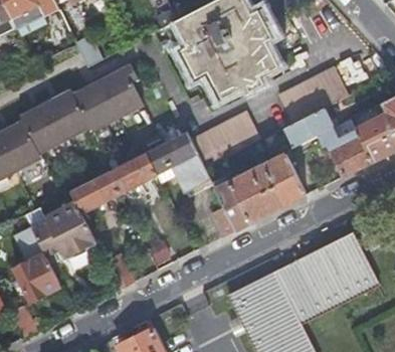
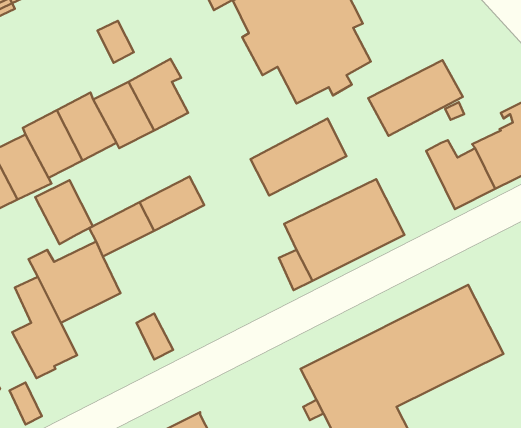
building: [282,109,332,147] -> none
building: [145,131,211,193] -> none
building: none -> [35,180,93,244]

